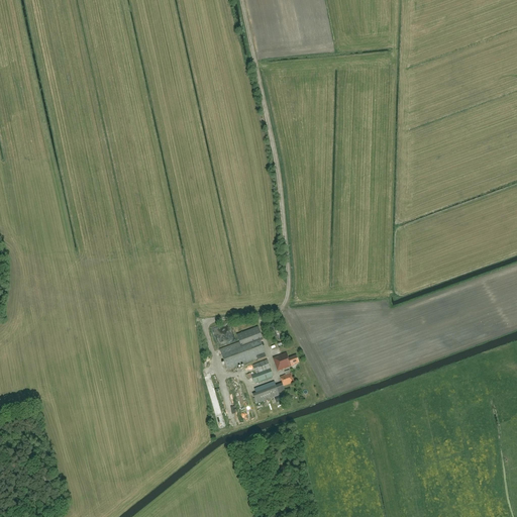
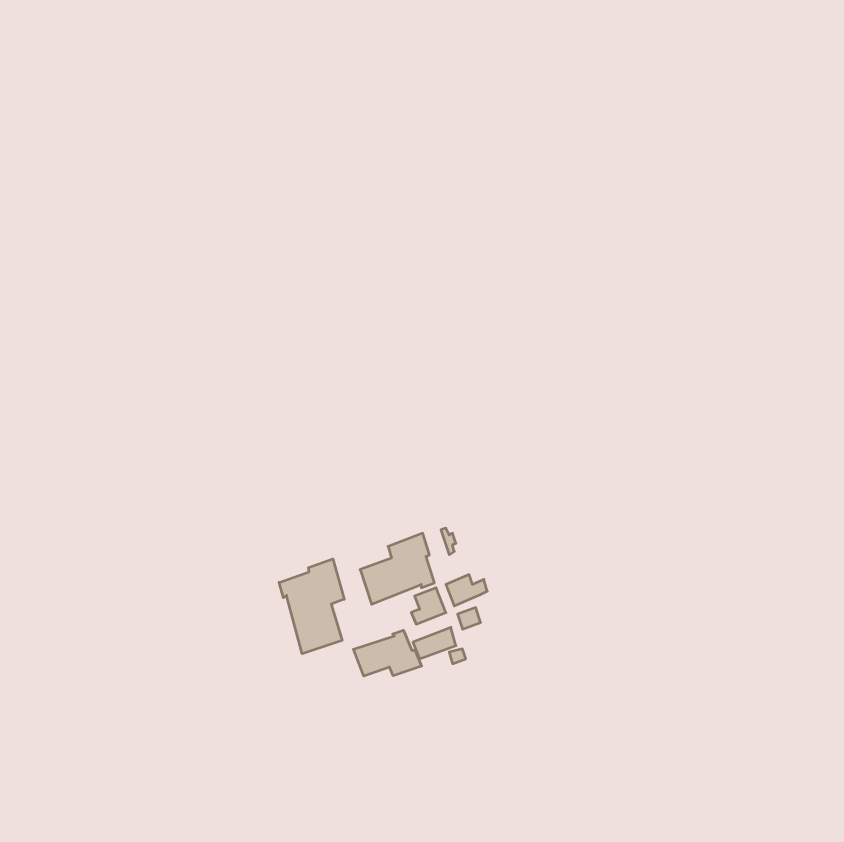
building: none -> [279,559,344,654]
building: none -> [353,630,422,676]

